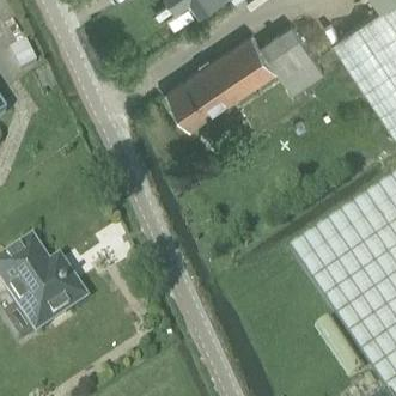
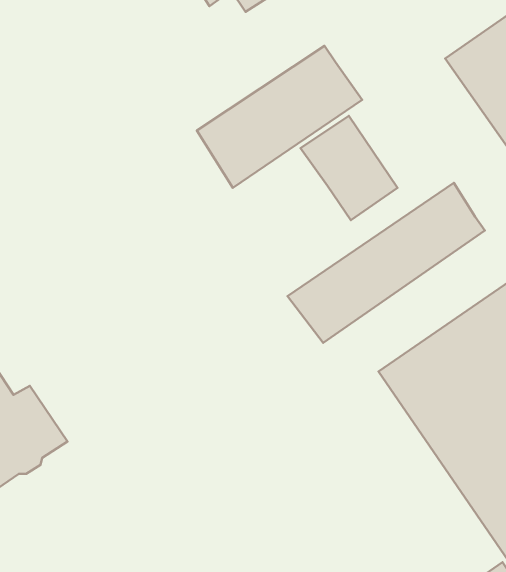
building: [262,24,327,93] -> [300,116,397,220]
building: none -> [287,183,485,343]

